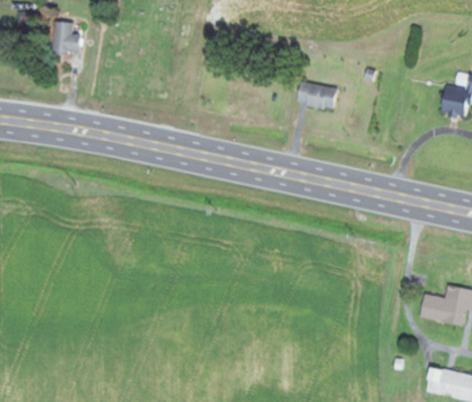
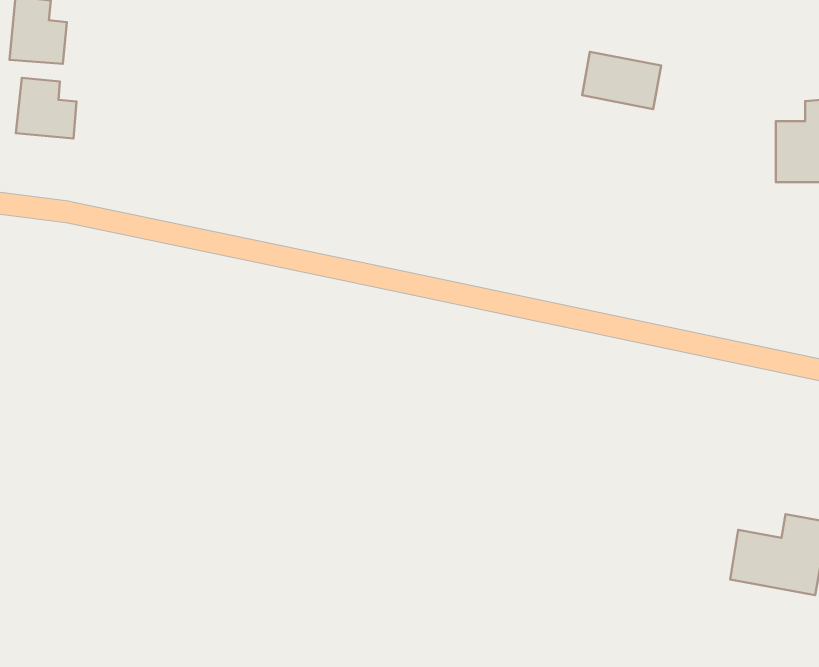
building: none -> [16,78,77,139]
building: [297,81,337,110] -> [582,52,661,109]

